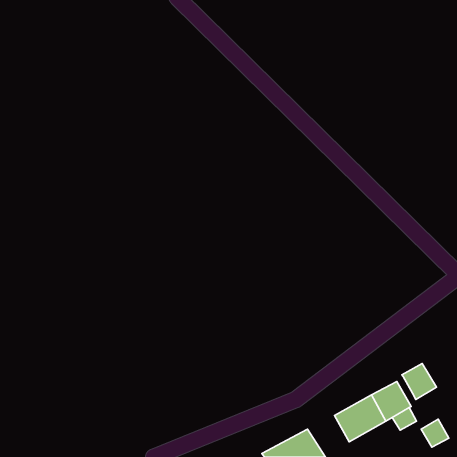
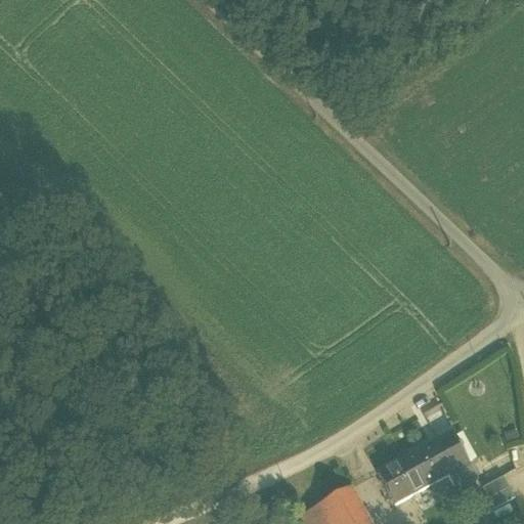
building: [402,363,436,399] -> none

